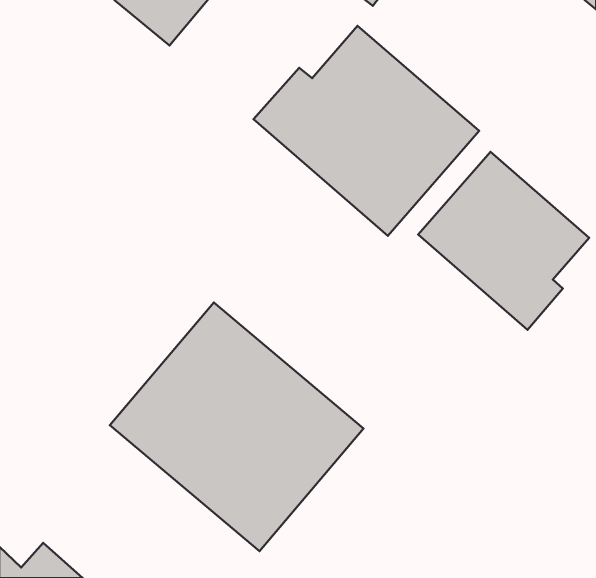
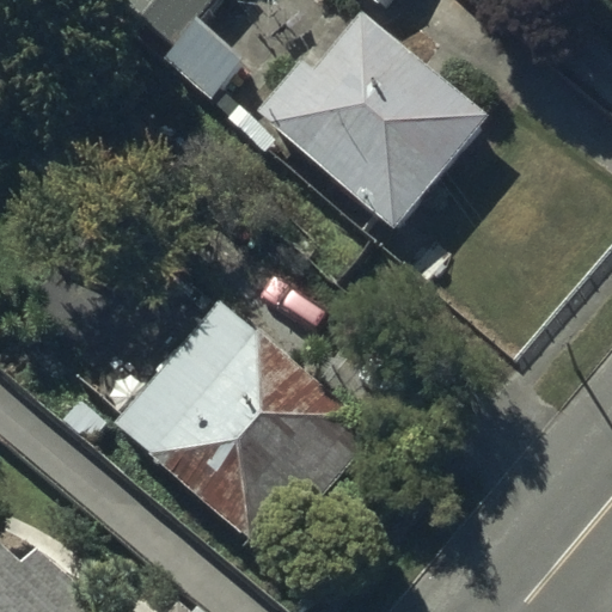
building: [418,152,589,330] -> none

